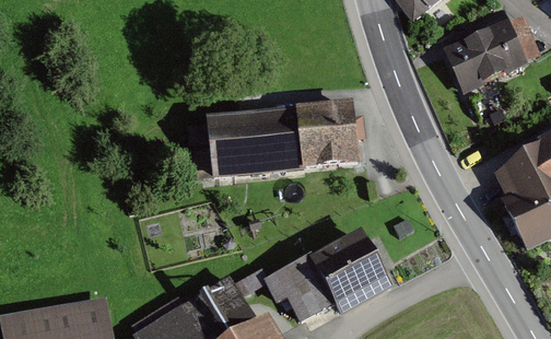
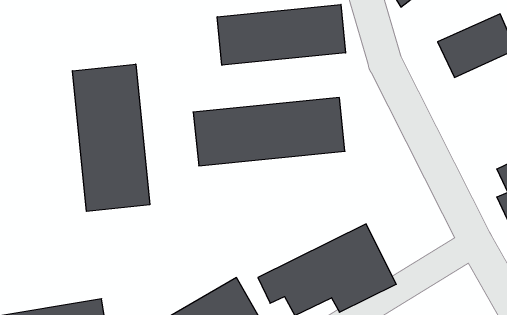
building: none -> [217,4,346,65]
building: none -> [72,64,150,211]

